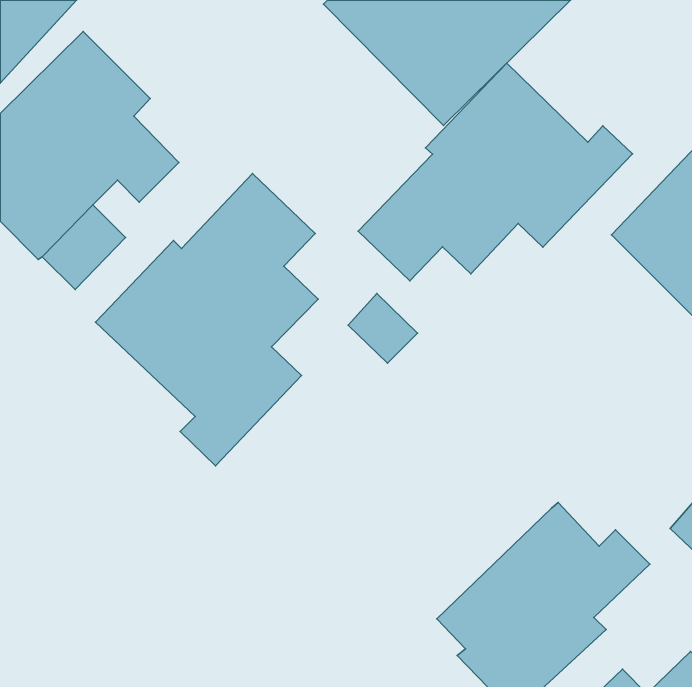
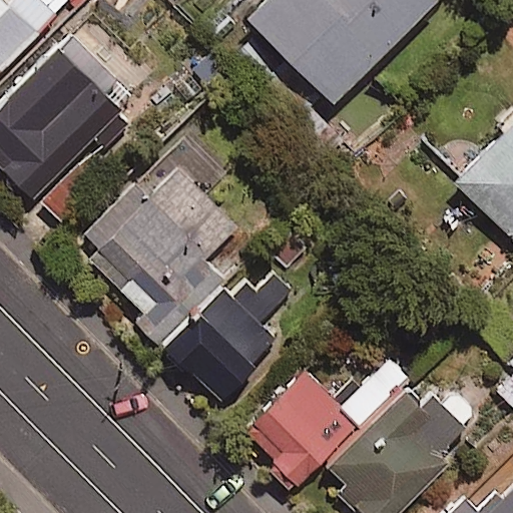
building: [358,63,632,281] -> none
building: none -> [162,268,289,404]
building: none -> [241,360,409,491]

